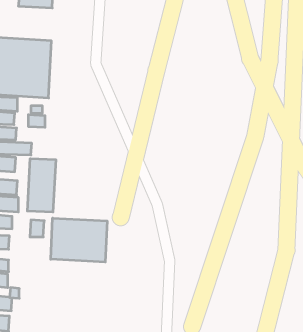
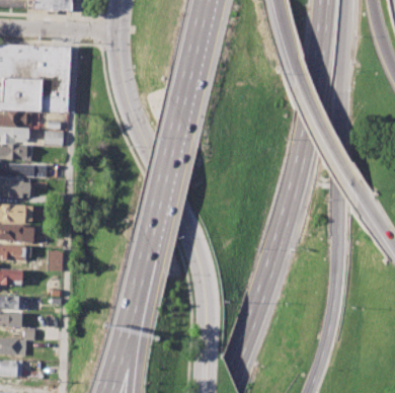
building: [27,159,56,212] -> none
building: [51,218,107,262] -> none

